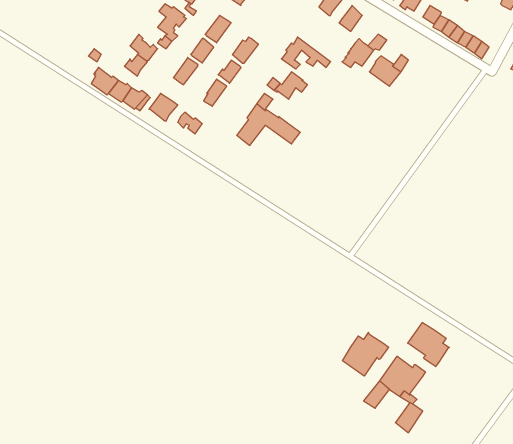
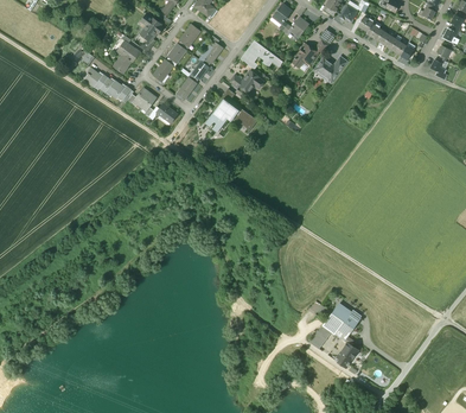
building: [408,323,449,367] -> none
building: [342,332,389,376] -> none

